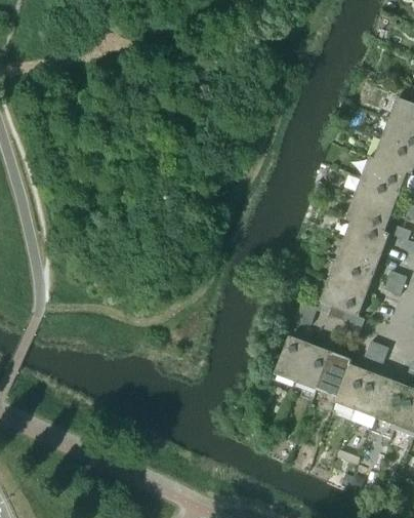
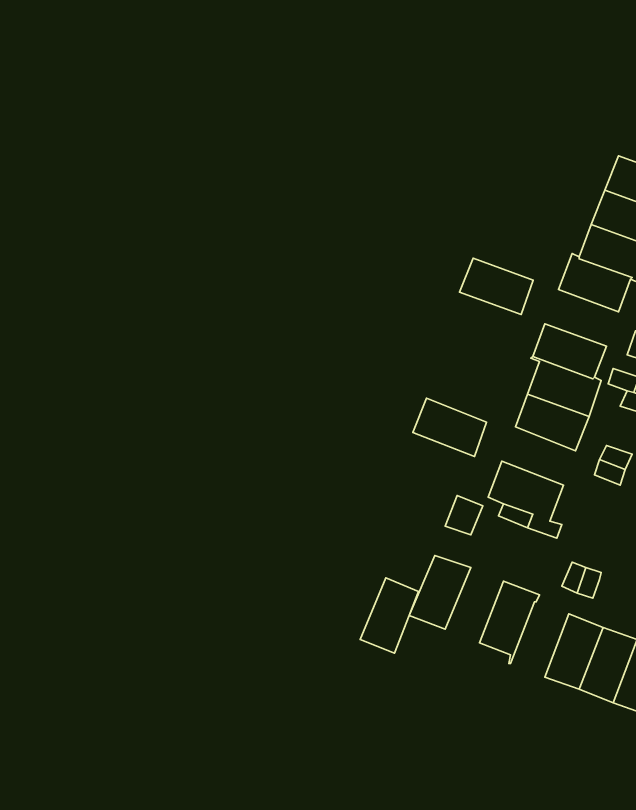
building: [355,177,399,211] -> [459,258,533,315]
building: [329,260,373,294] -> [413,398,486,457]
building: [295,344,330,389] -> [360,578,419,653]
building: [334,364,369,409] -> none

